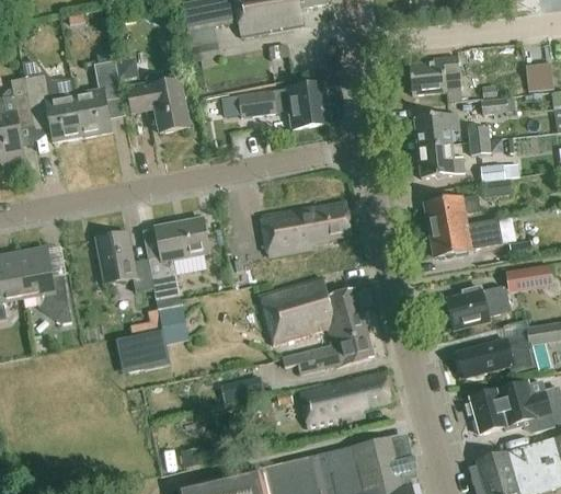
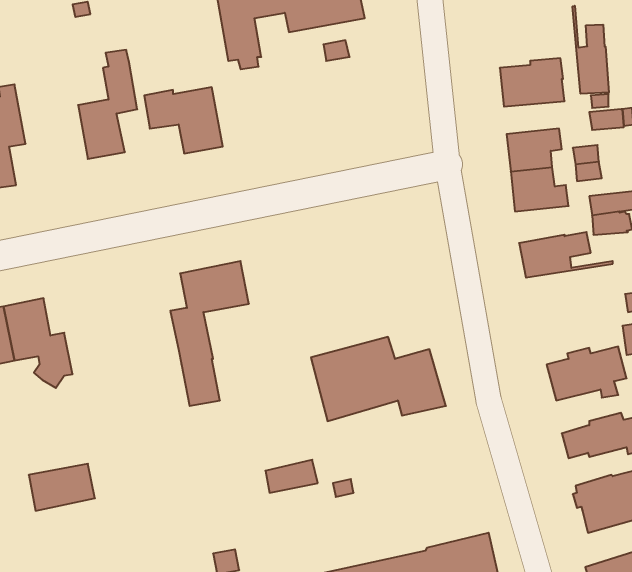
building: none -> [573,6,609,94]
building: [21,58,81,141] -> none
building: [238,82,330,127] -> none
building: [260,202,351,254] -> none
building: [430,219,503,255] -> none
building: [95,231,153,290] -> none
building: [280,332,373,374] -> none
building: [117,334,170,371] -> [29,464,95,511]
building: [299,372,390,427] -> none

